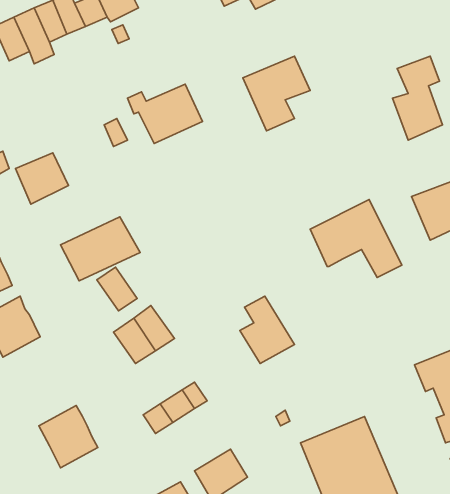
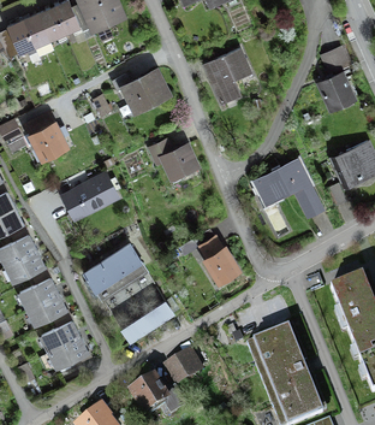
building: none -> [145,142,198,181]
building: [97,267,137,311] -> [85,260,117,294]
building: none -> [20,275,66,321]

